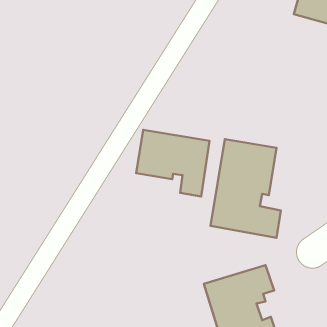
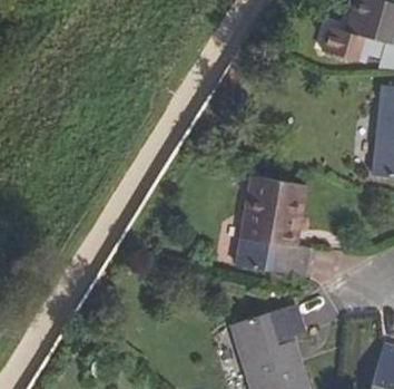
building: [136,130,209,196] -> none

